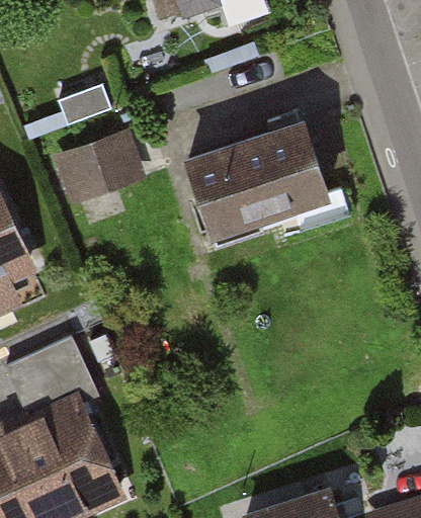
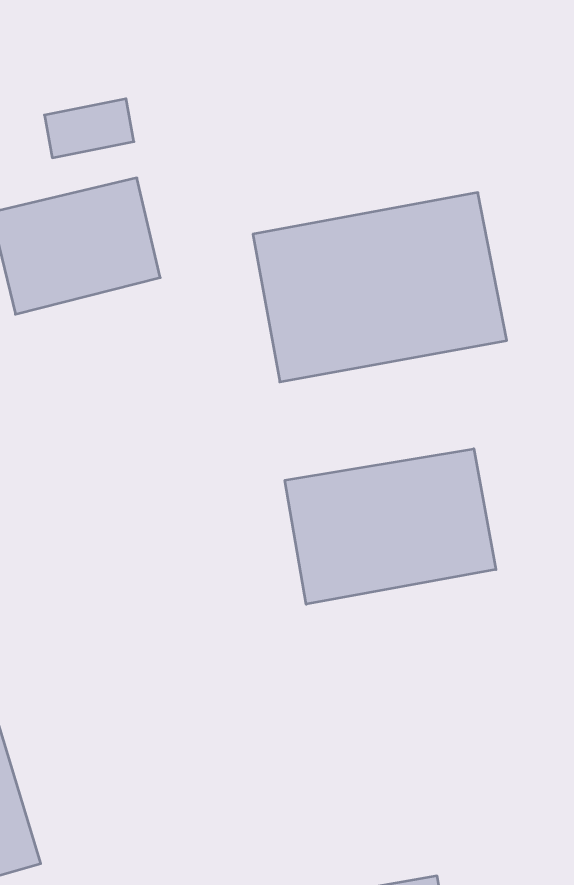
building: none -> [285,449,496,604]

